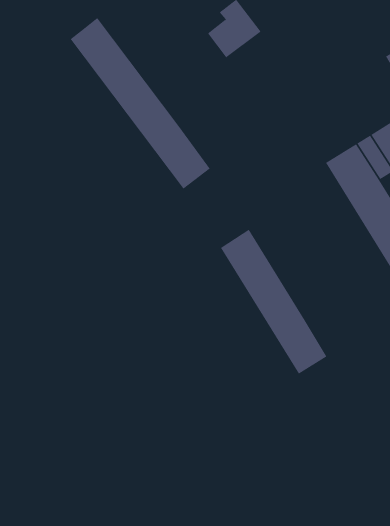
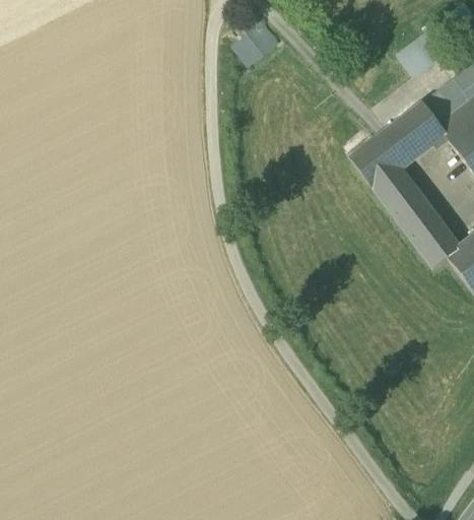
building: [70,17,211,189] -> none
building: [220,229,327,374] -> none

